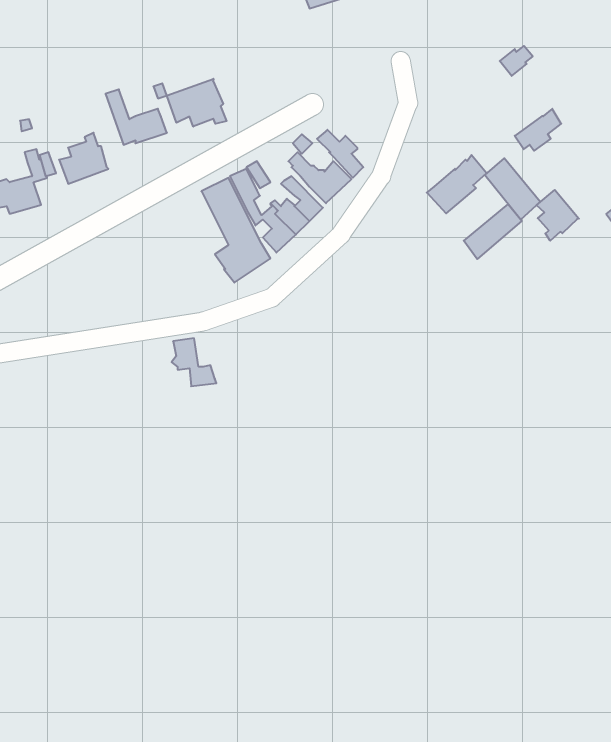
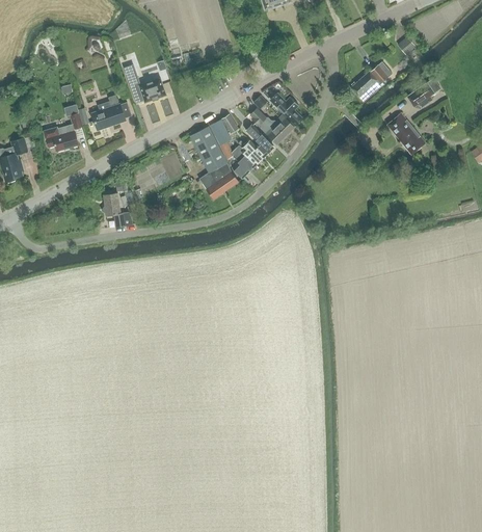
building: [167,79,227,127] -> none
building: [427,155,487,213] -> [350,61,392,102]
building: [537,190,579,241] -> none
building: [464,204,522,259] -> none
building: [172,338,216,386] -> [102,193,133,227]

